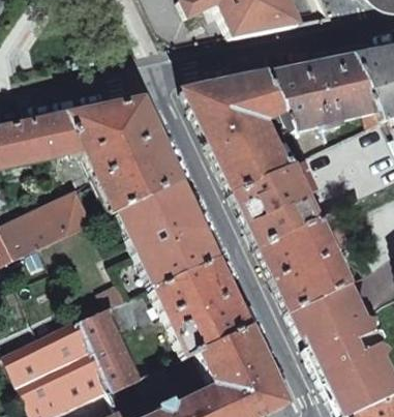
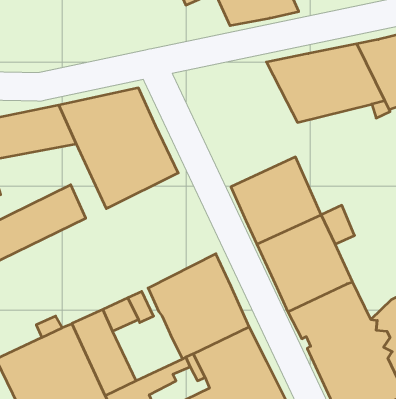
building: [185,70,296,190] -> none
building: [116,177,219,288] -> none

